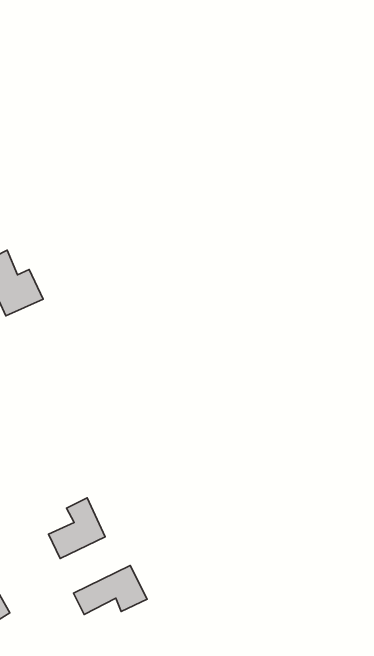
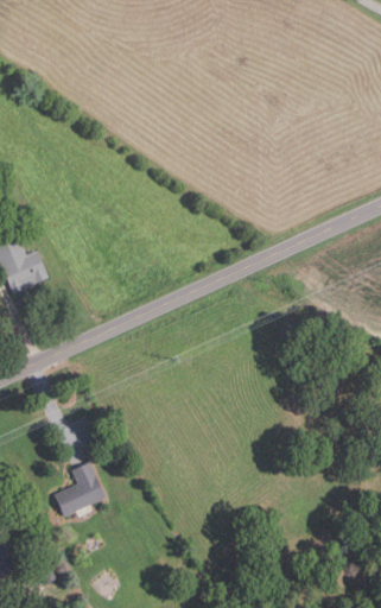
building: [73,566,147,614] -> none

